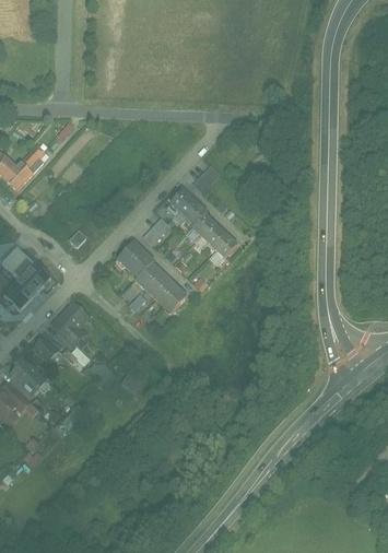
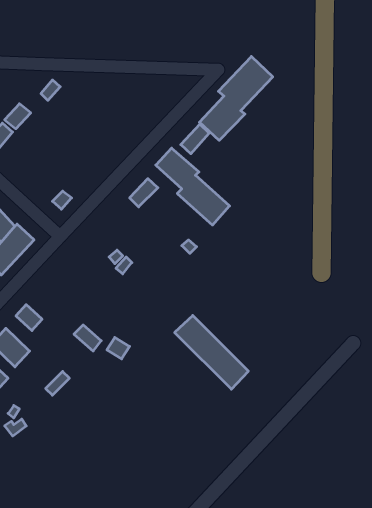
building: none -> [199,56,273,140]
building: [116,243,187,314] -> [175,315,248,389]
building: [49,302,85,348] -> none

